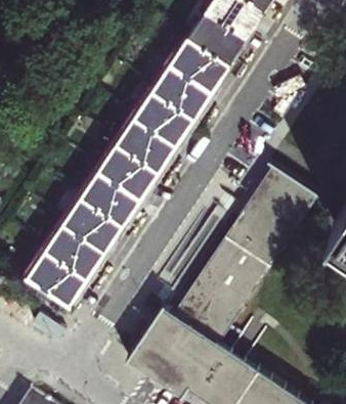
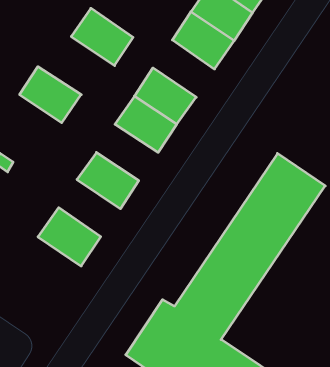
building: [155,58,213,113] -> [71,8,133,66]
building: [101,138,160,191] -> [20,67,81,123]
building: [66,190,124,244] -> none
building: [28,244,87,299] -> none

